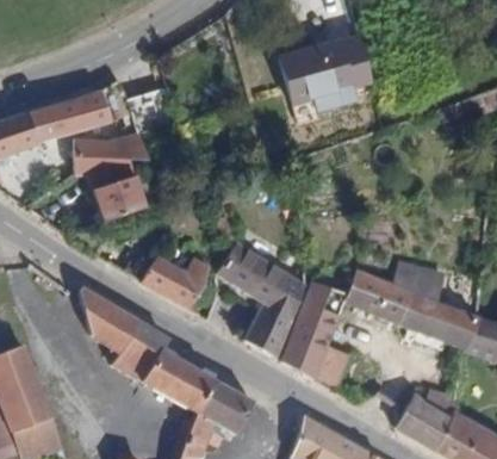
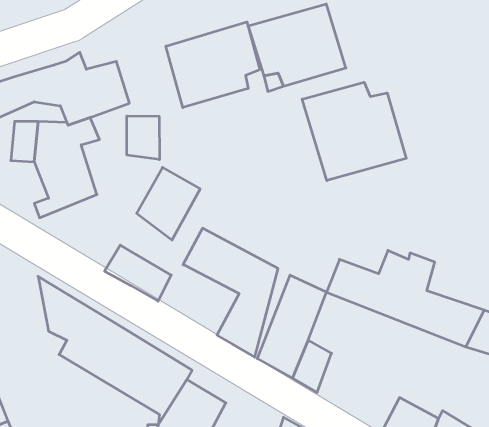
building: none -> [166,22,260,108]
building: none -> [302,82,406,181]
building: none -> [127,116,159,160]
building: none -> [137,167,200,240]

